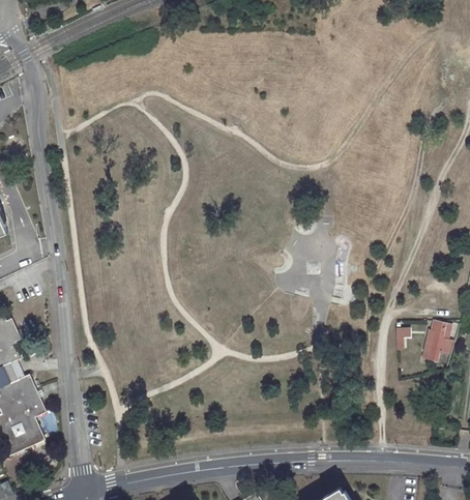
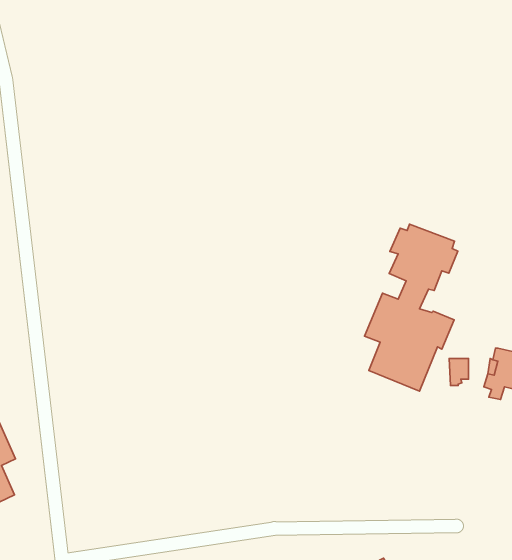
building: none -> [365,224,458,391]

